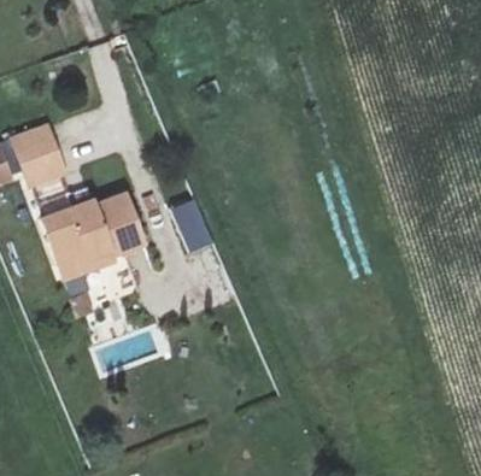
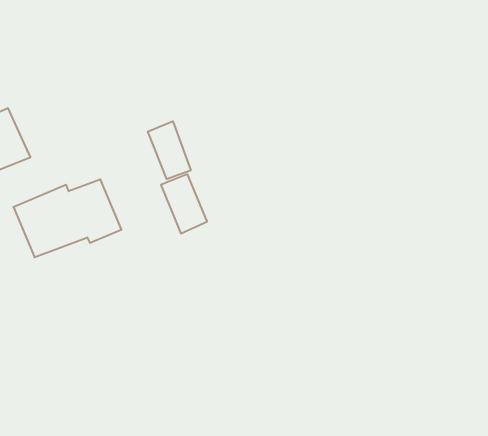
building: none -> [148,121,191,179]

